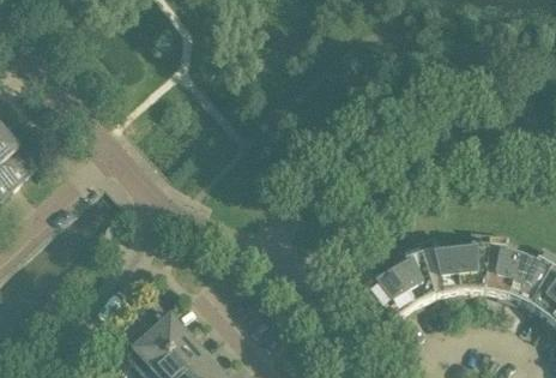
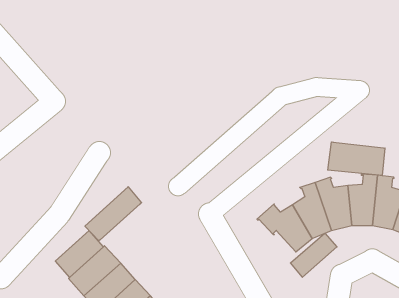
building: none -> [328,142,385,176]
building: none -> [85,187,142,241]
building: none -> [290,233,337,277]

